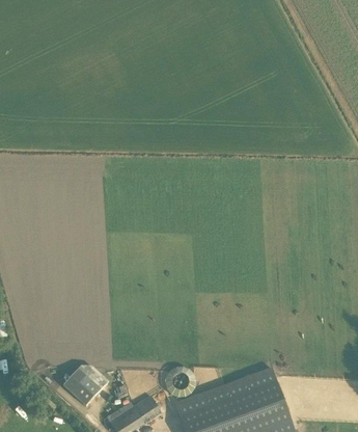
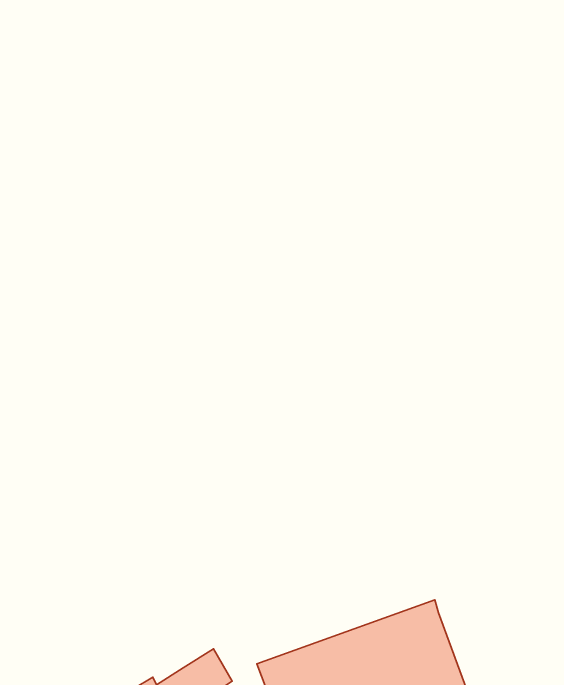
building: [62,367,101,405] -> none

